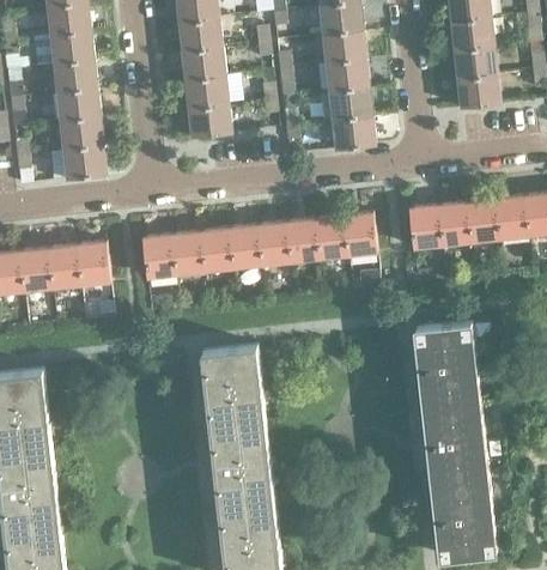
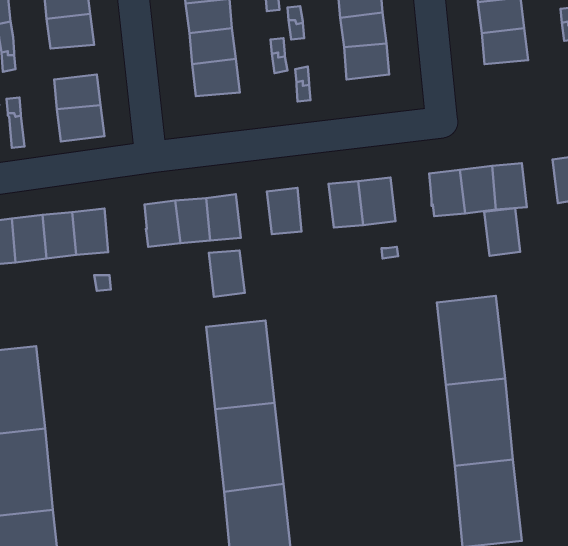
building: [55,90,98,122] -> none
building: [330,117,373,150] -> none
building: [493,196,527,241] -> [484,208,520,256]
building: [285,219,318,263] -> none
building: [227,226,261,269] -> [209,250,245,297]

